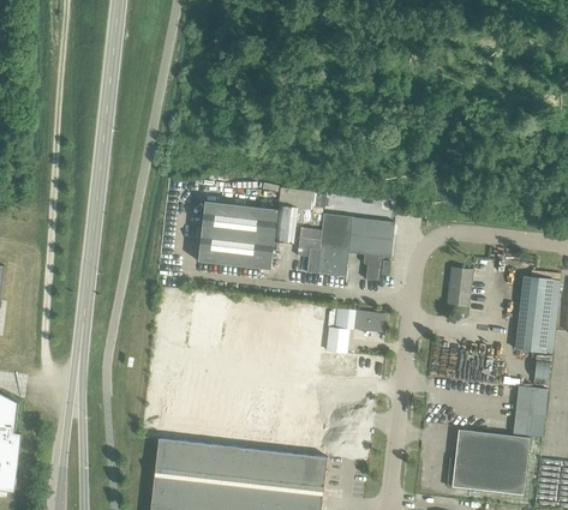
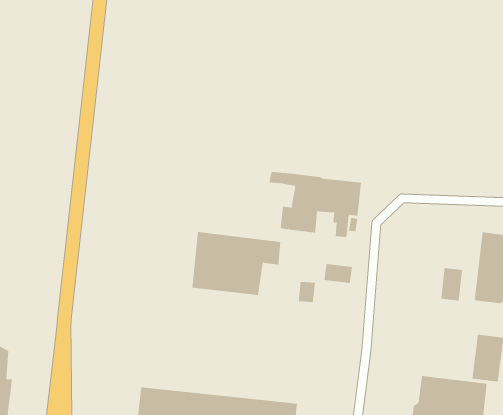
building: [197,202,293,270] -> [192,232,281,296]
building: [447,269,471,305] -> [440,267,463,301]

